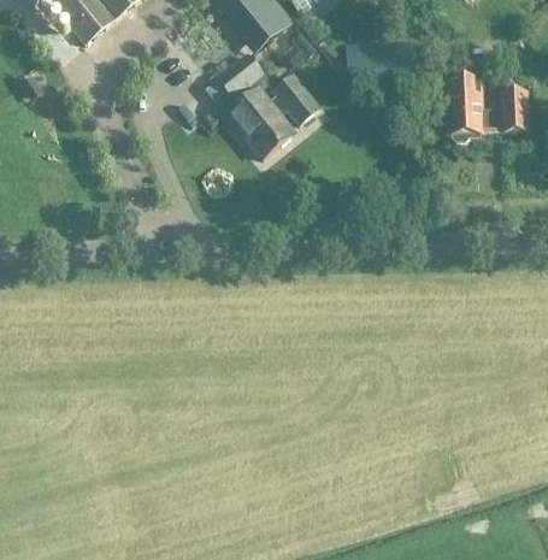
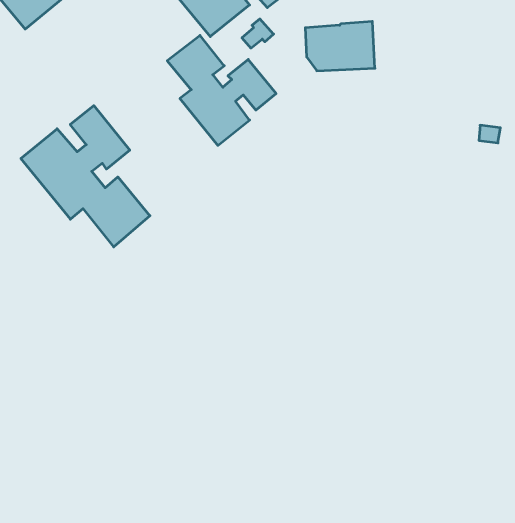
building: [448,77,528,138] -> none
building: none -> [21,106,150,247]

